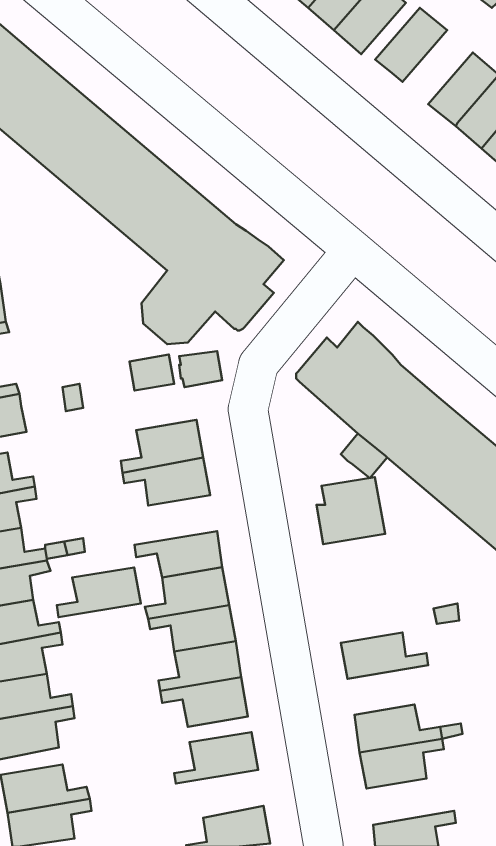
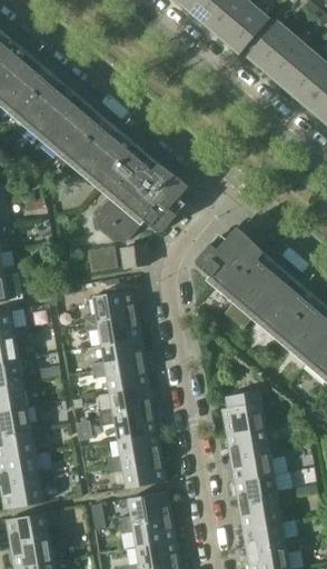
building: none -> [266,38,311,86]
building: [316,477,385,544] -> [221,391,266,435]
building: [57,567,141,617] -> [91,339,146,371]
building: none -> [230,449,284,481]
building: none -> [119,517,176,548]
building: none -> [242,522,299,552]

